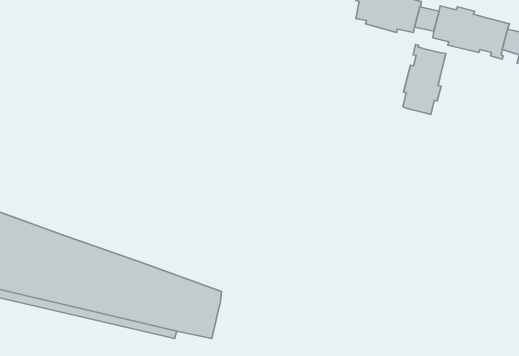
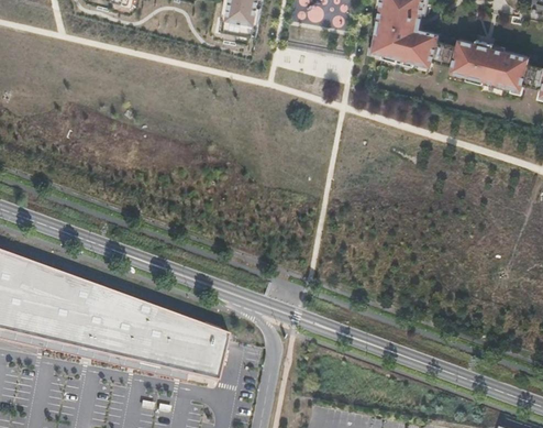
building: [403,45,446,115] -> none

